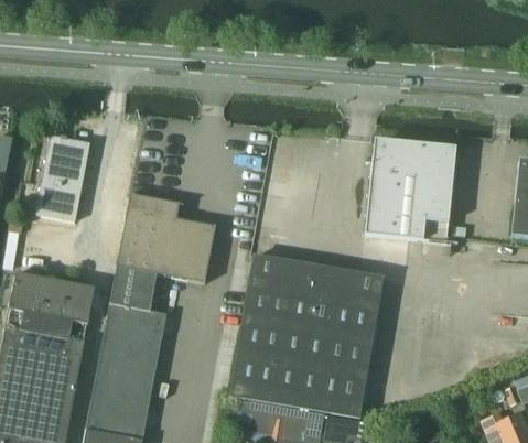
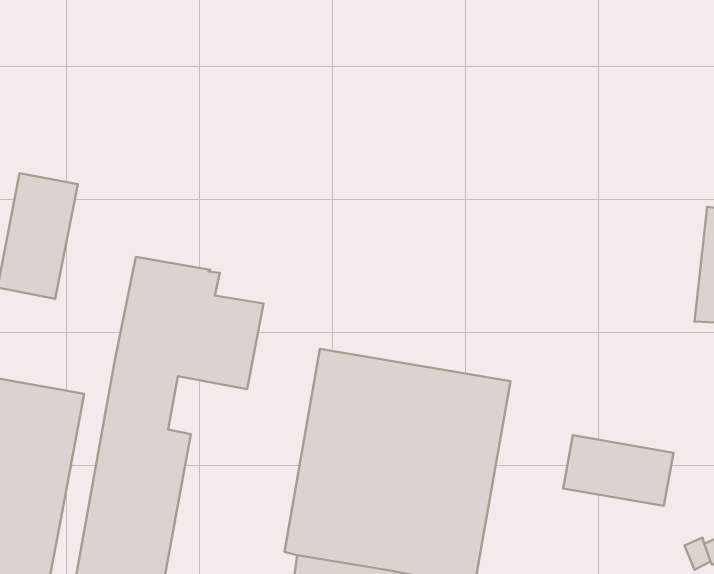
building: [364,139,455,242] -> none
building: none -> [563,435,673,506]

